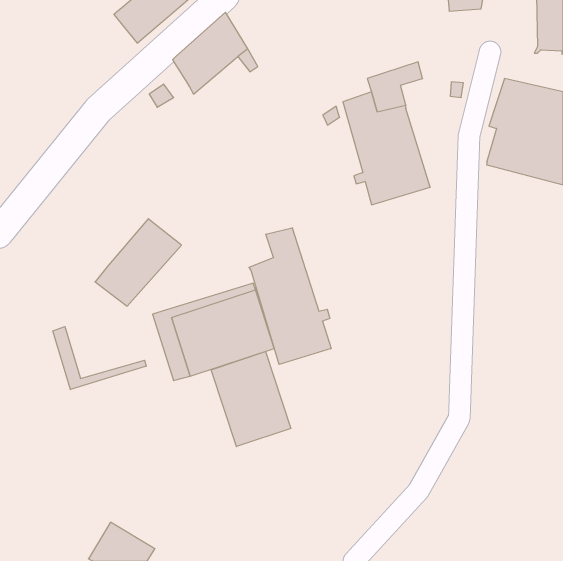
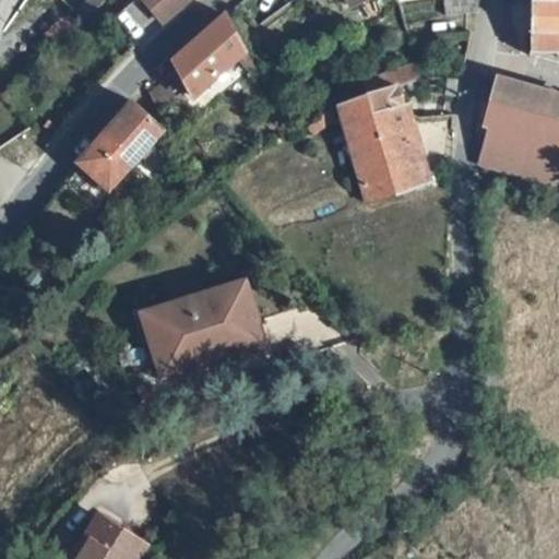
building: [95,219,181,306] -> [75,100,160,187]
building: [249,228,331,364] -> none
building: [53,327,146,390] -> none
building: [211,351,291,447] -> none

